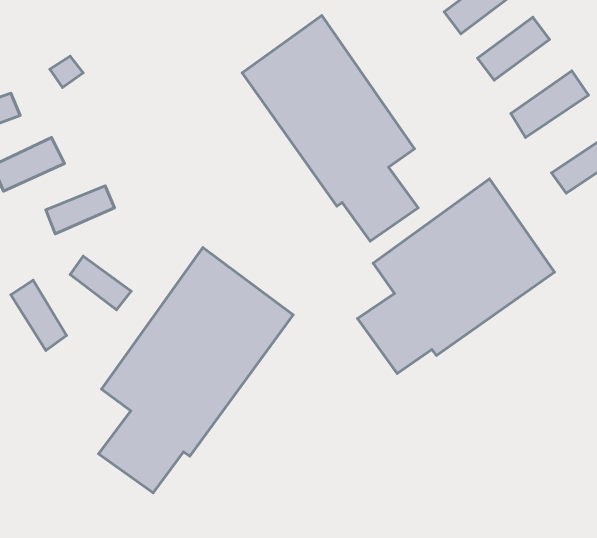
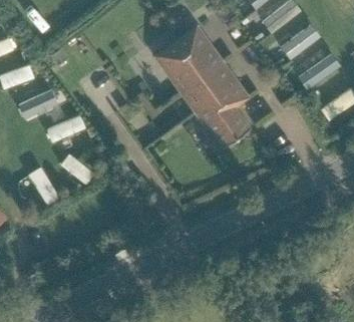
building: [358,179,555,374] -> none
building: [99,248,293,493] -> none

